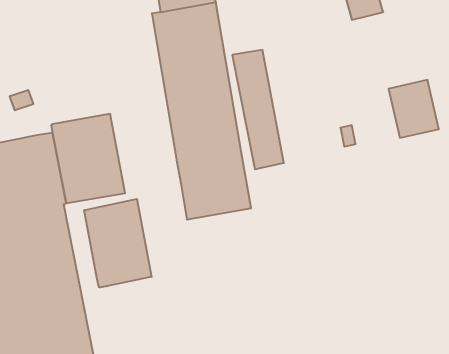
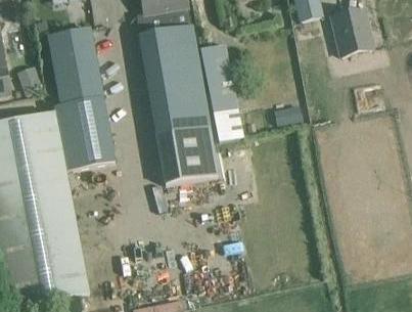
building: none -> [49,26,102,101]
building: [389,80,439,138] -> [331,6,372,53]
building: [84,199,152,288] -> none

